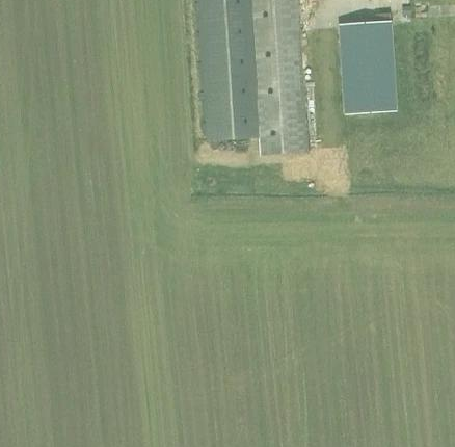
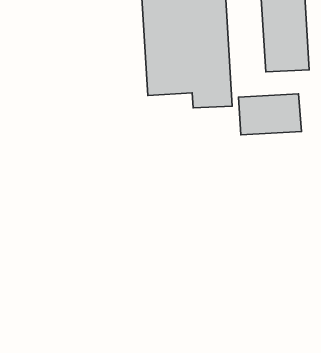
building: none -> [238,94,301,135]

